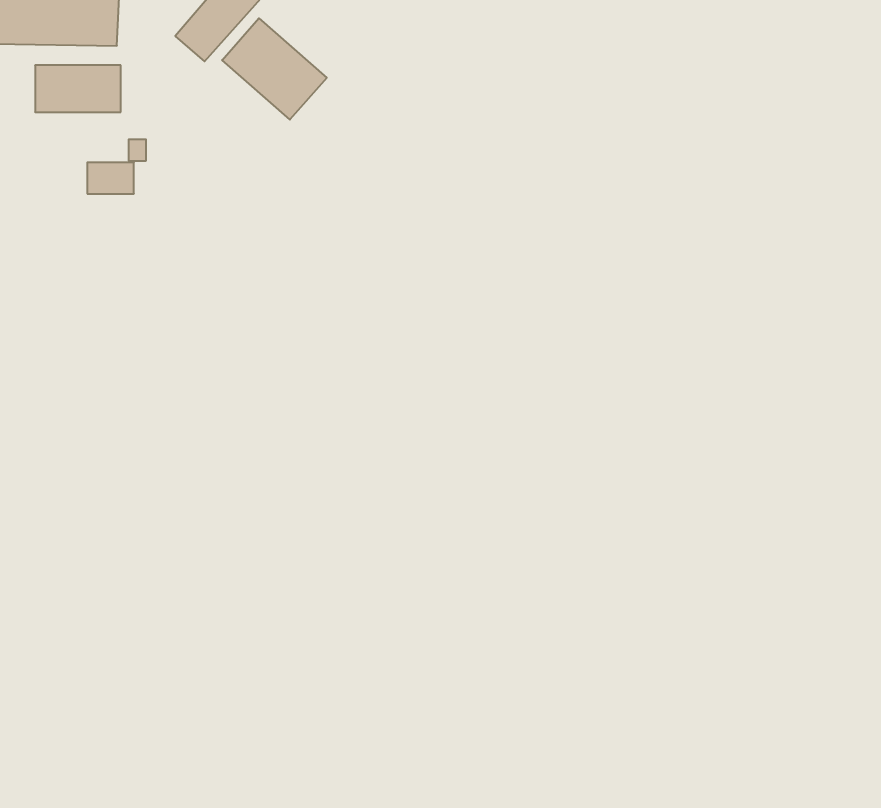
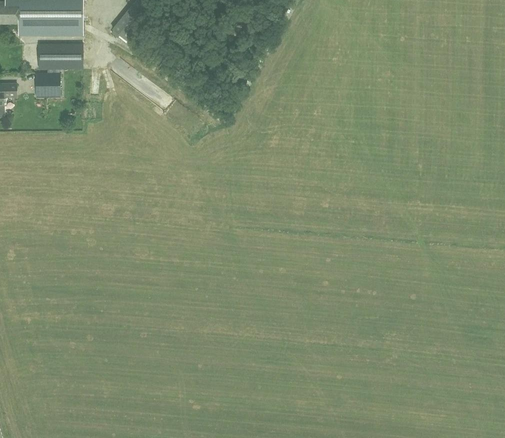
building: [222,18,327,120] -> none
building: [87,162,134,194] -> [35,73,59,89]

